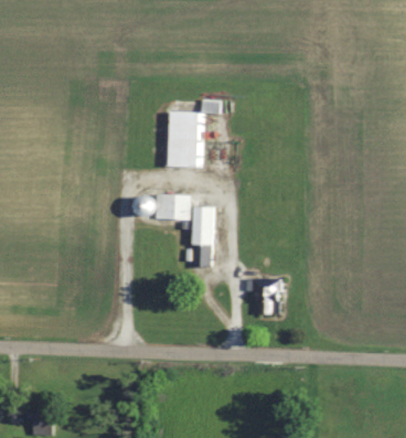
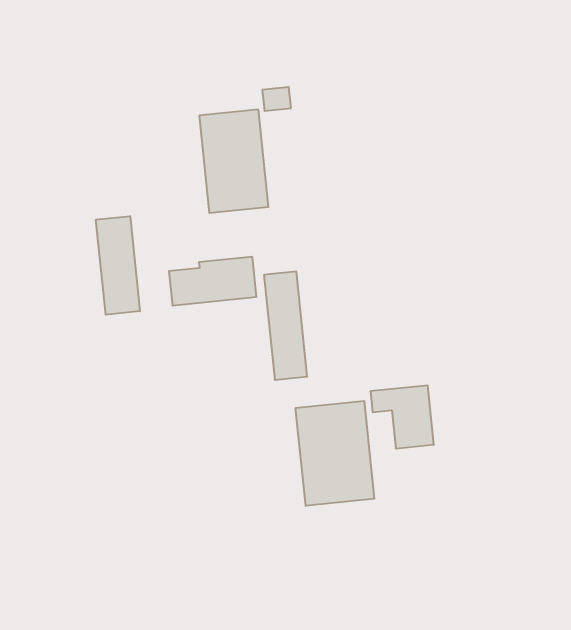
building: none -> [96,216,140,315]
building: none -> [296,401,374,506]

